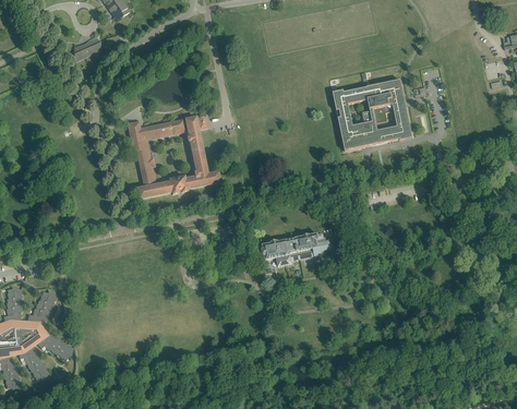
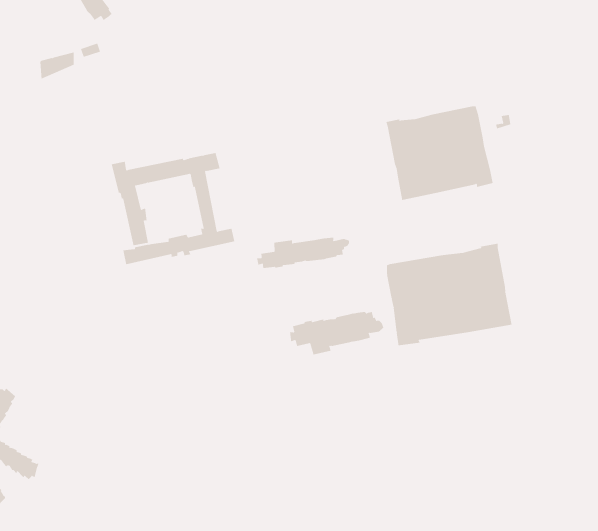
building: none -> [257,237,349,269]
building: none -> [386,243,512,346]

